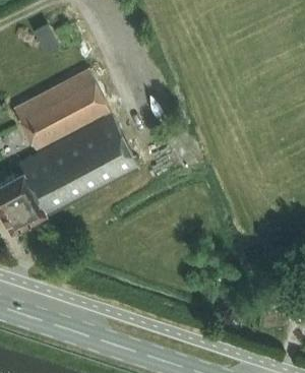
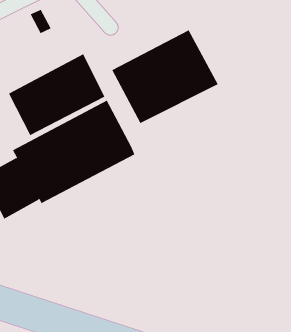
building: none -> [111,29,218,124]

